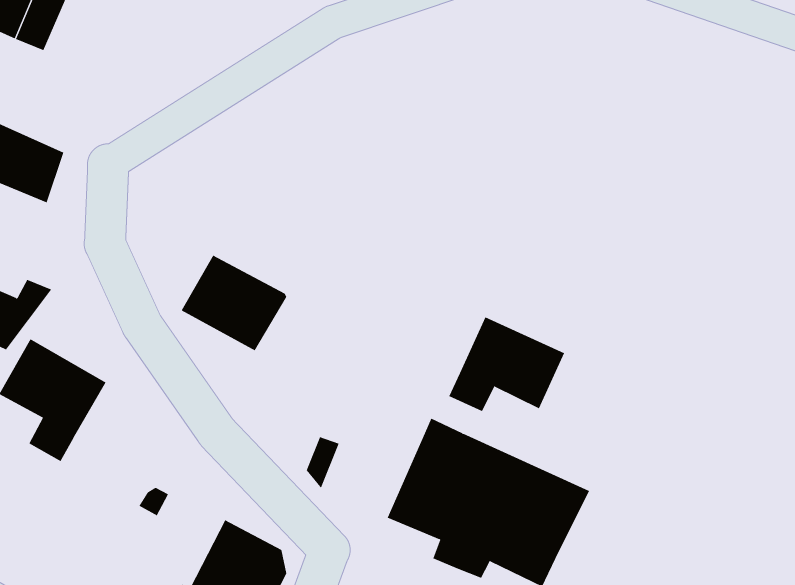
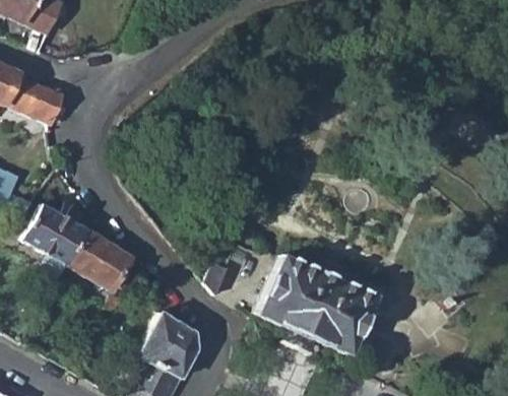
building: [181,255,287,351] -> [69,232,133,289]
building: [449,317,565,412] -> none

